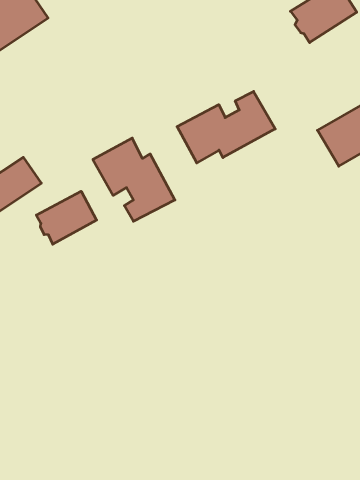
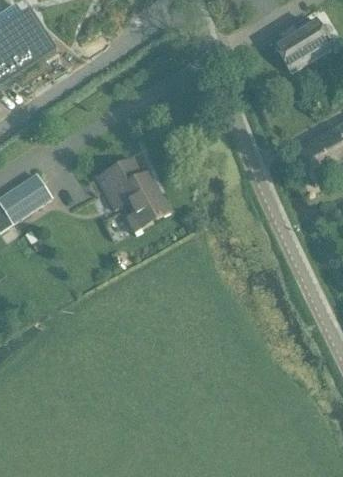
building: [177,91,275,163] -> none
building: [36,191,97,244] -> none

